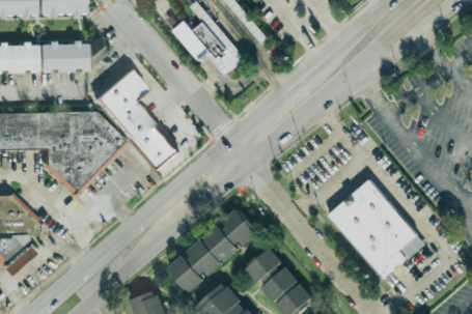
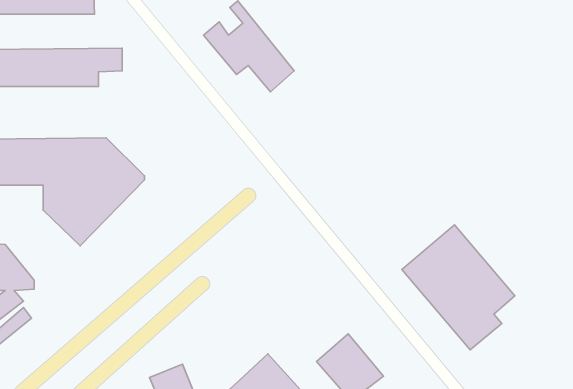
building: [95,68,178,171] -> none
building: [167,208,259,294] -> none
building: [245,247,284,286] -> none

